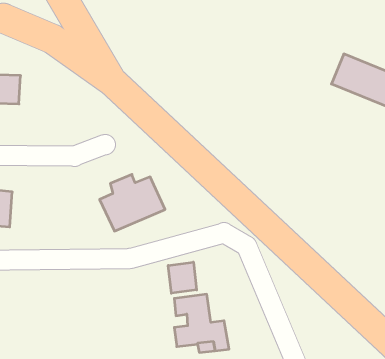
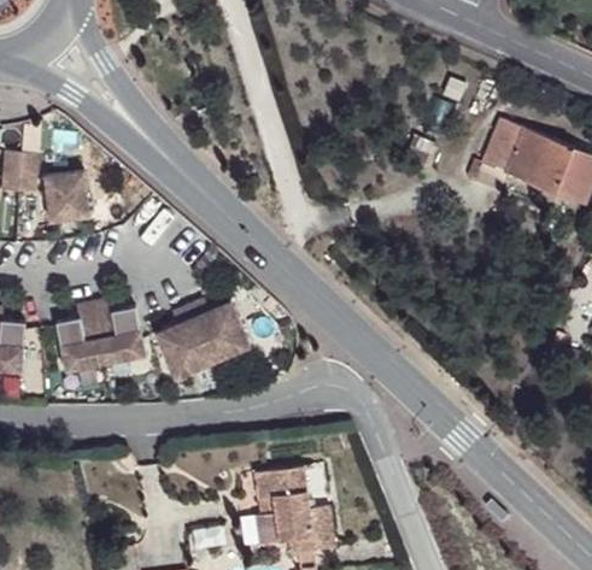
building: none -> [43,171,87,223]
building: none -> [53,294,142,371]
building: [168,262,197,293] -> none

